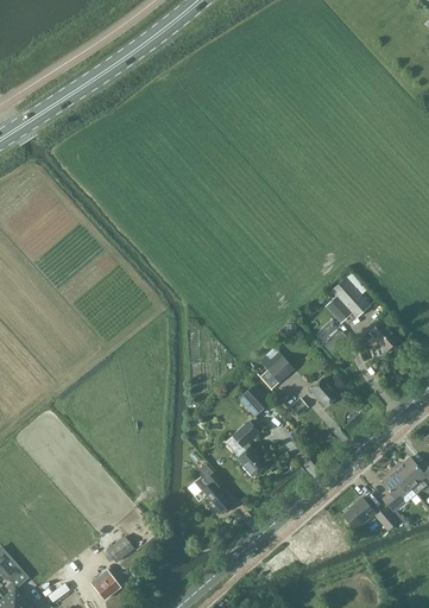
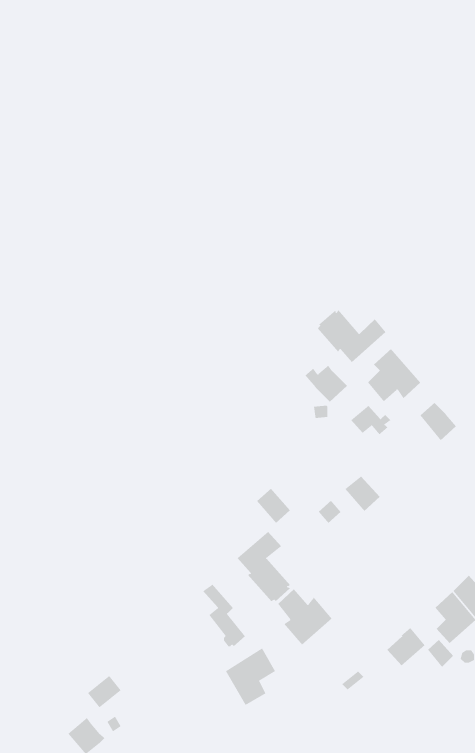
building: none -> [317,309,386,363]
building: [260,352,295,381] -> [304,365,348,402]
building: none -> [277,589,332,646]
building: none -> [225,648,276,706]

